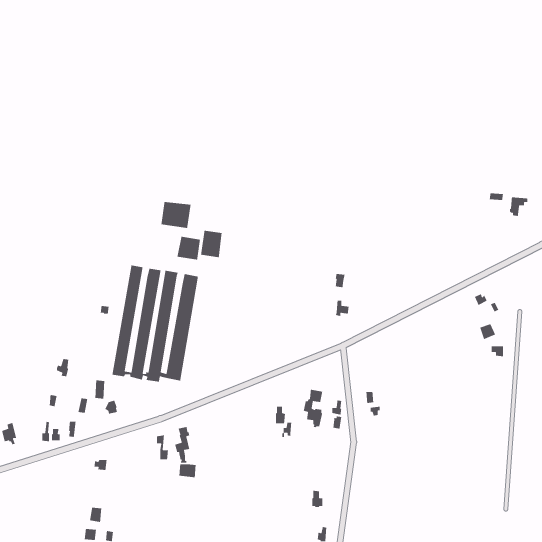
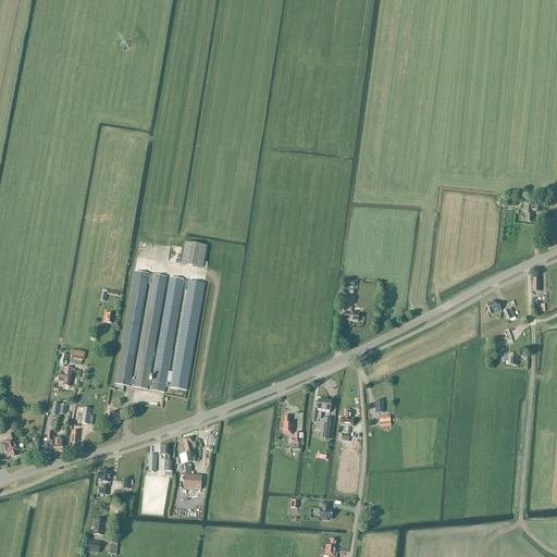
building: [161,201,192,229] -> none
building: [200,230,223,258] -> none

